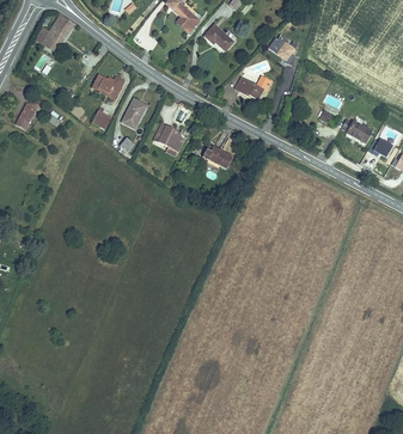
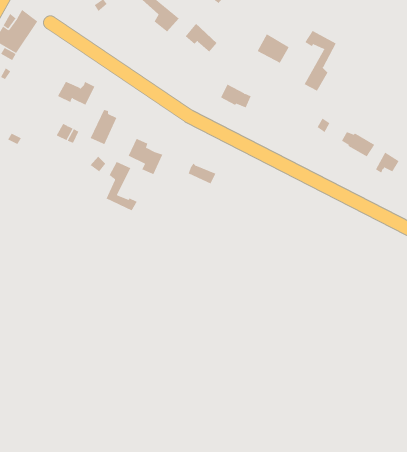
building: none -> [304,30,336,92]
building: none -> [106,161,138,211]

